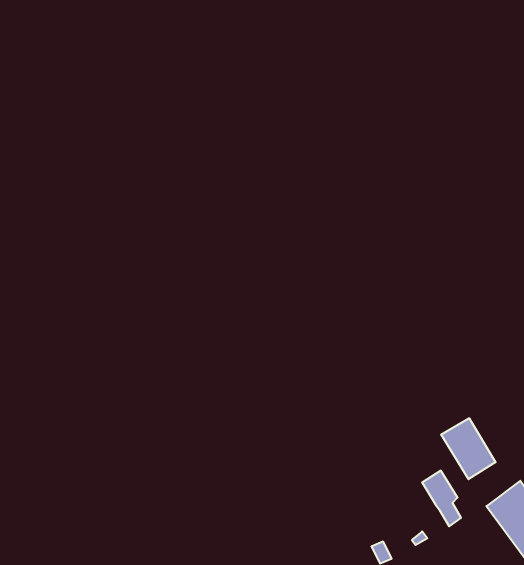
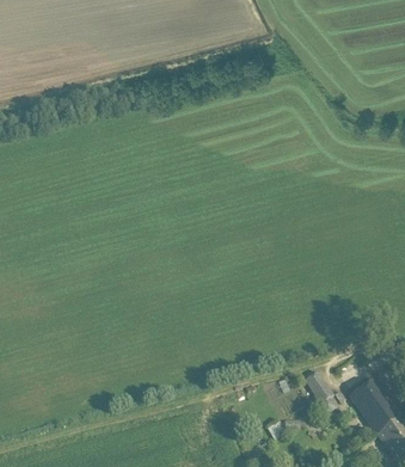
building: [441,418,496,479] -> none

